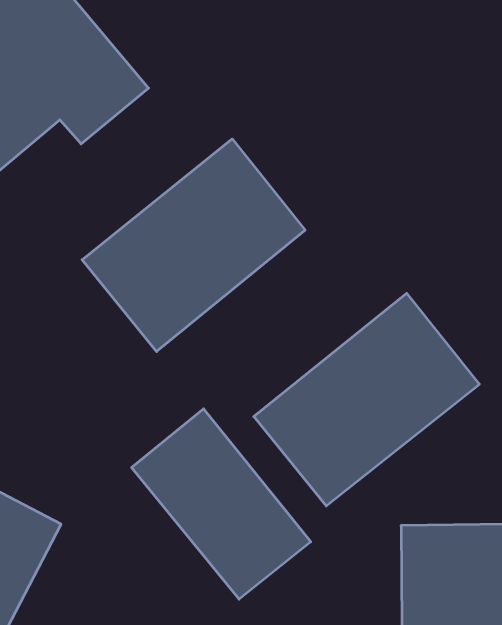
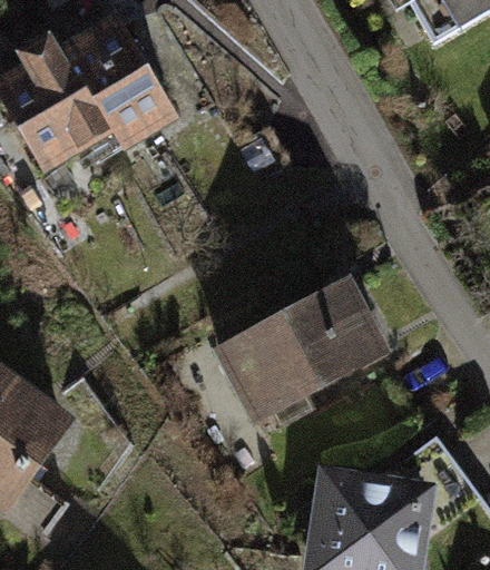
building: [82,139,305,352] -> none
building: [132,409,311,599] -> none

